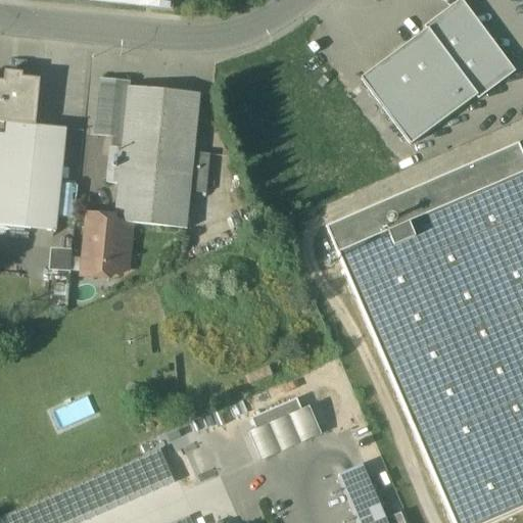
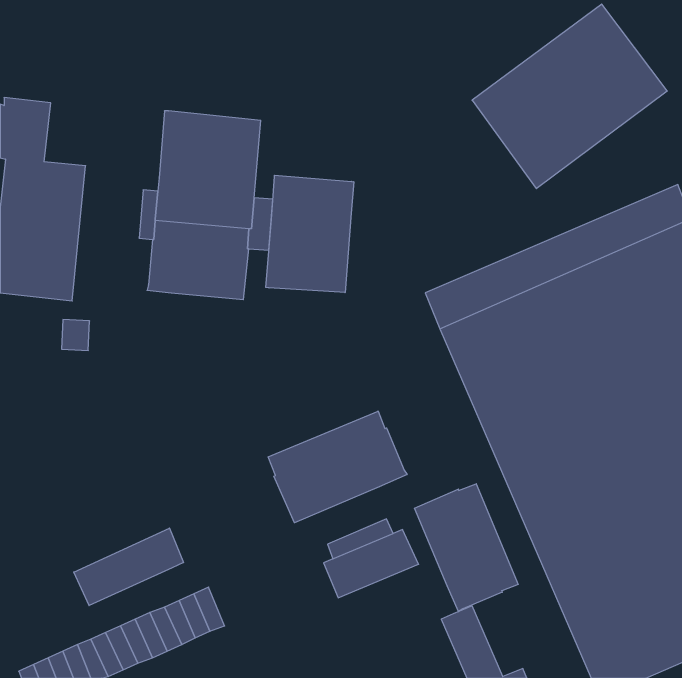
building: [96,77,130,136] -> none
building: none -> [266,175,354,293]
building: [83,216,132,276] -> none
building: none -> [268,411,407,523]
building: none -> [414,484,518,612]
building: none -> [74,528,183,606]

